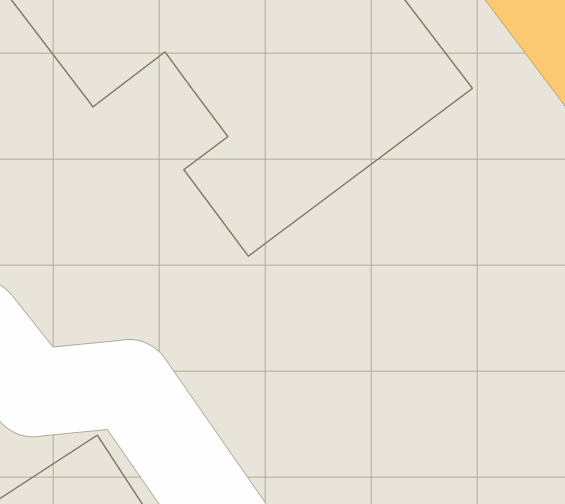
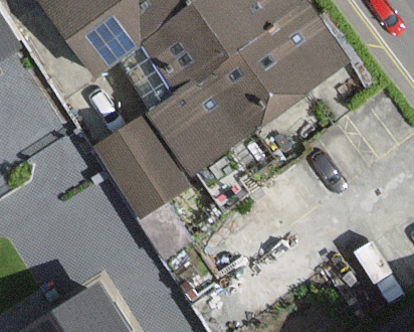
building: none -> [98,119,186,213]

